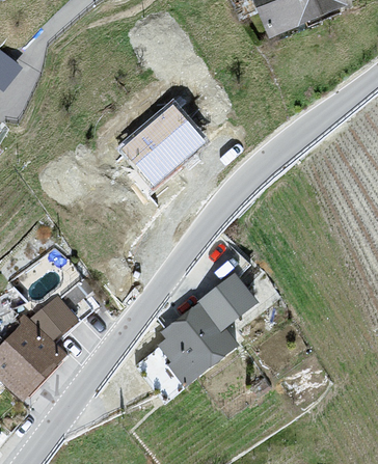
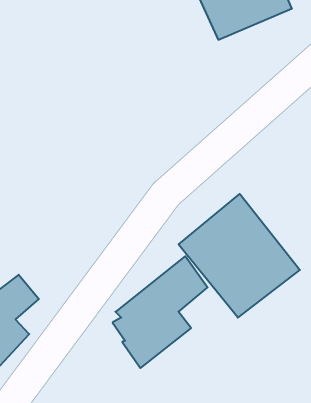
building: [117,99,202,181] -> none
building: none -> [179,194,300,318]

